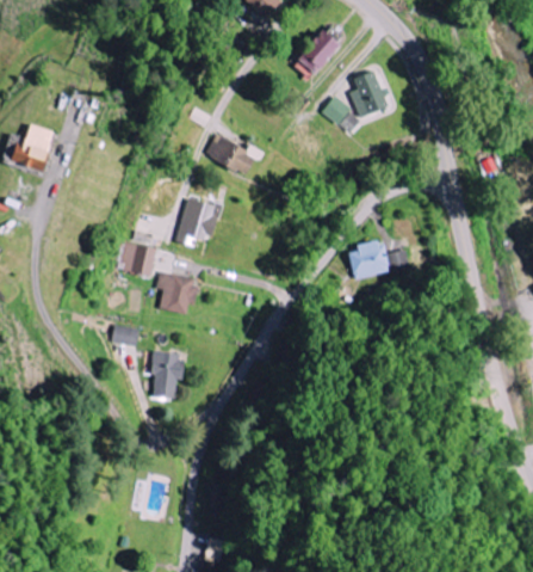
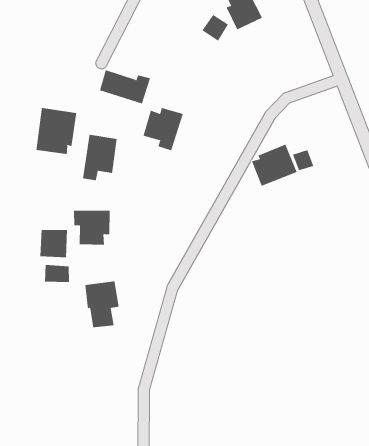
building: none -> [36,107,77,155]
building: none -> [143,107,183,151]
building: [124,242,157,276] -> [40,229,68,258]

